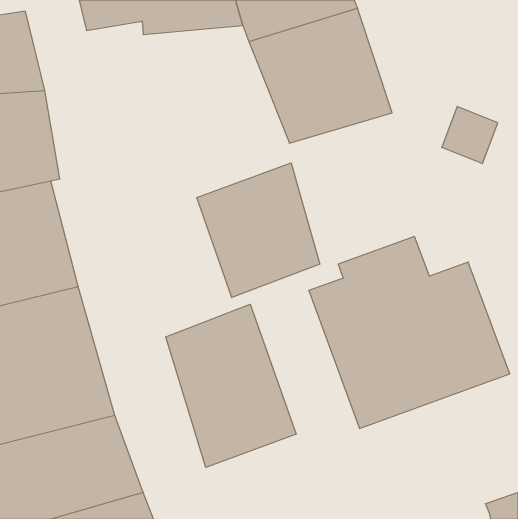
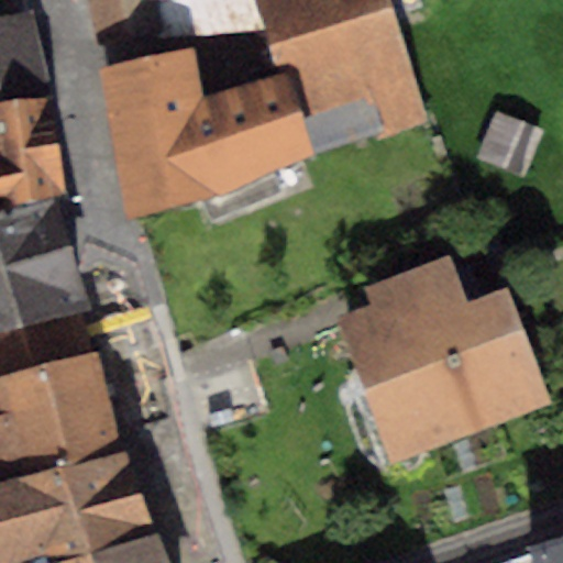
building: none -> [99,47,313,211]
building: [197,163,320,298] -> none
building: [166,304,296,467] -> none

